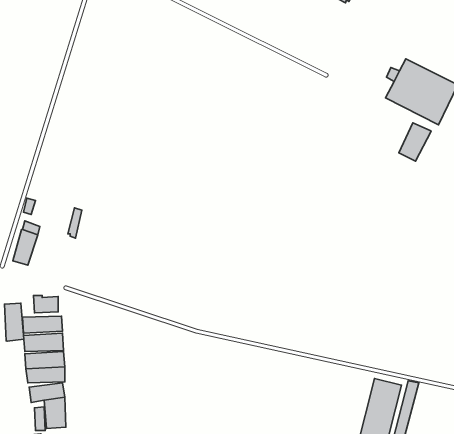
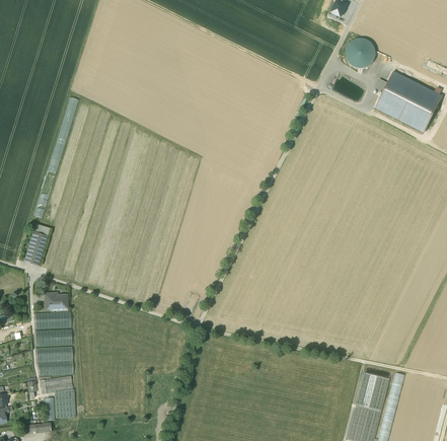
building: none -> [346,39,376,68]
building: [399,123,431,161] -> none
building: [4,303,24,341] -> none

